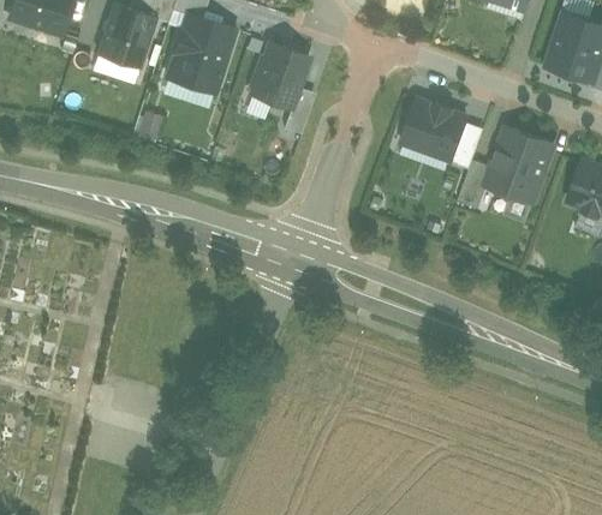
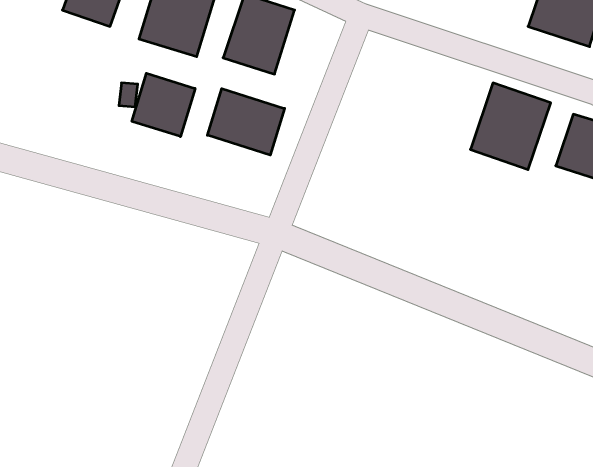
building: [399,94,475,167] -> none
building: none -> [132,73,195,137]
building: none -> [207,89,285,155]

